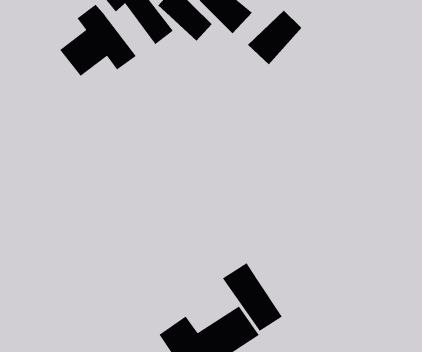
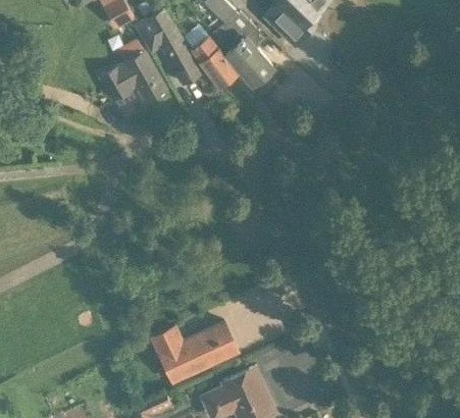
building: [247,10,302,65] -> none
building: [222,262,283,332] -> none

